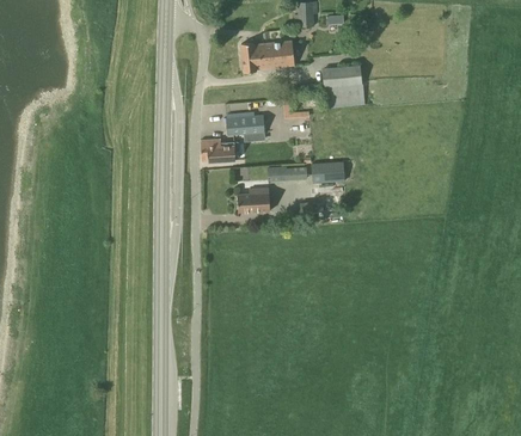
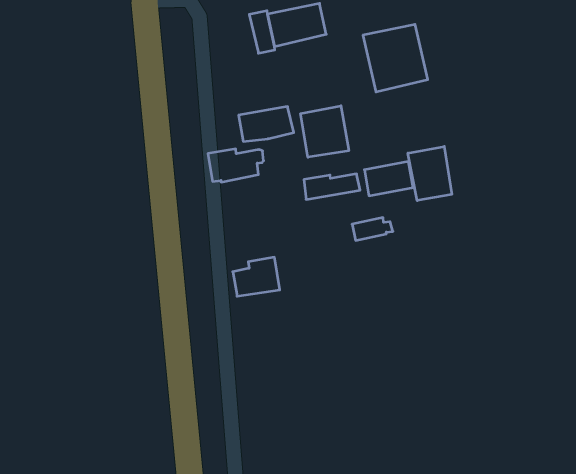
building: none -> [301,106,349,157]
building: none -> [408,146,452,201]
building: [238,186,270,211] -> [233,257,280,296]

